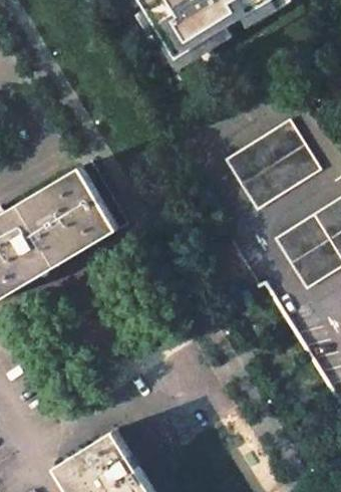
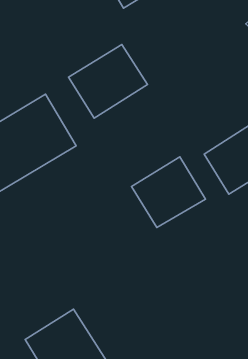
building: [224,119,320,210] -> [69,44,147,118]
building: none -> [132,157,206,228]

